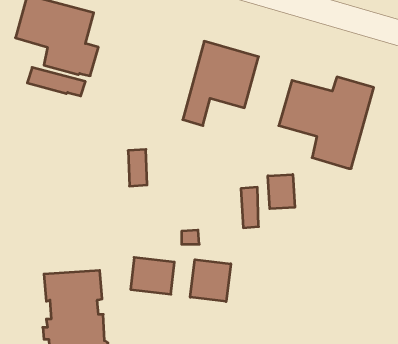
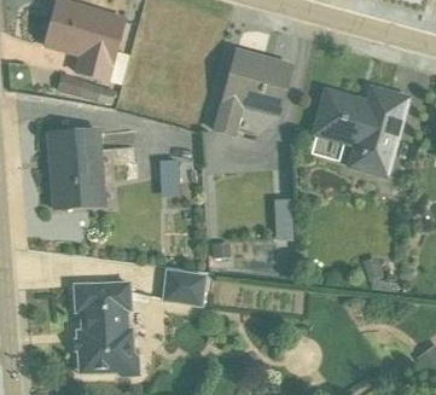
building: none -> [48,129,106,209]
building: [268,174,295,209] -> none
building: [190,260,231,302] -> none

